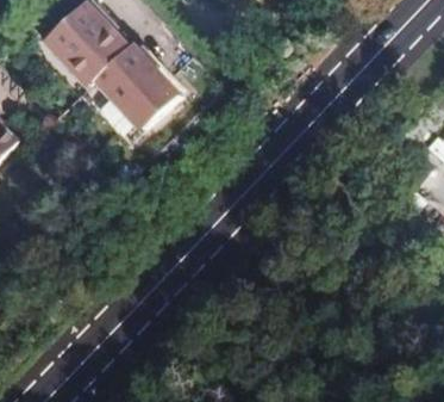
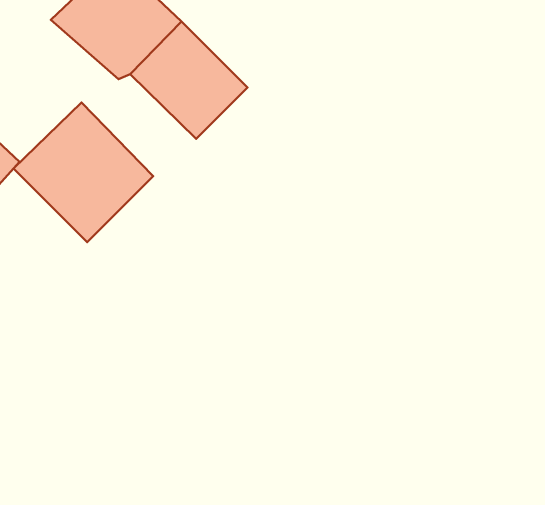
building: none -> [14,102,153,242]

